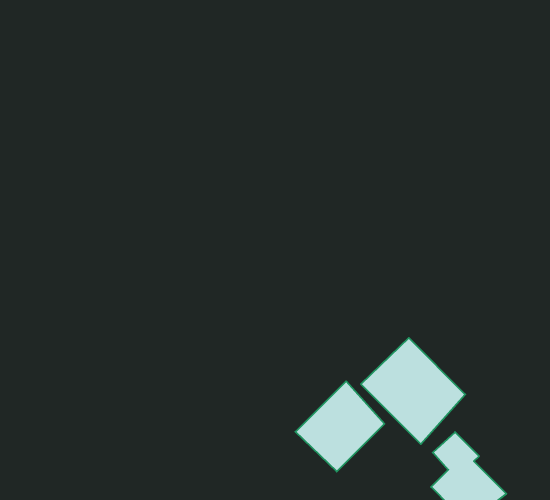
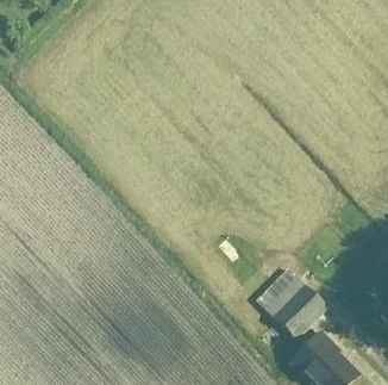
building: [295,381,384,472] -> none

